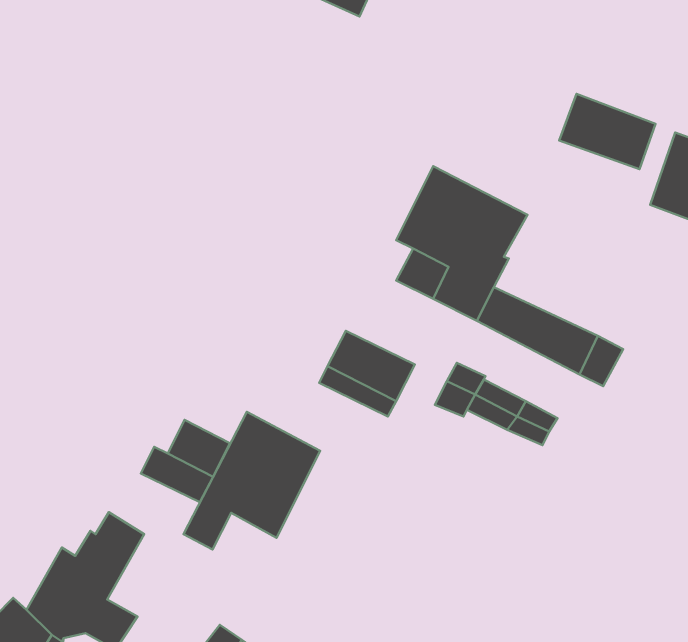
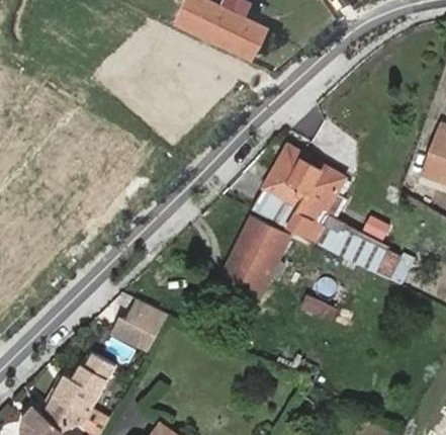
building: [559,94,655,169] -> none
building: none -> [235,216,290,266]
building: [183,412,320,549] -> none

